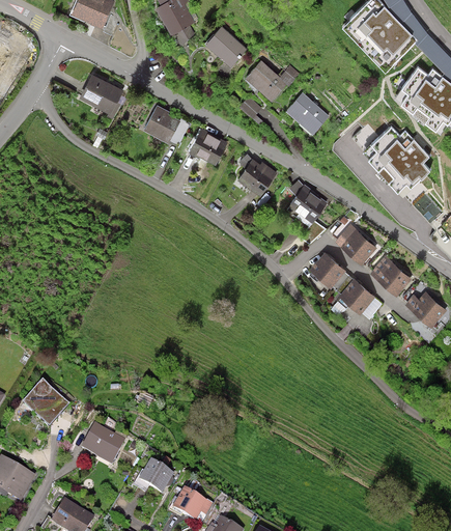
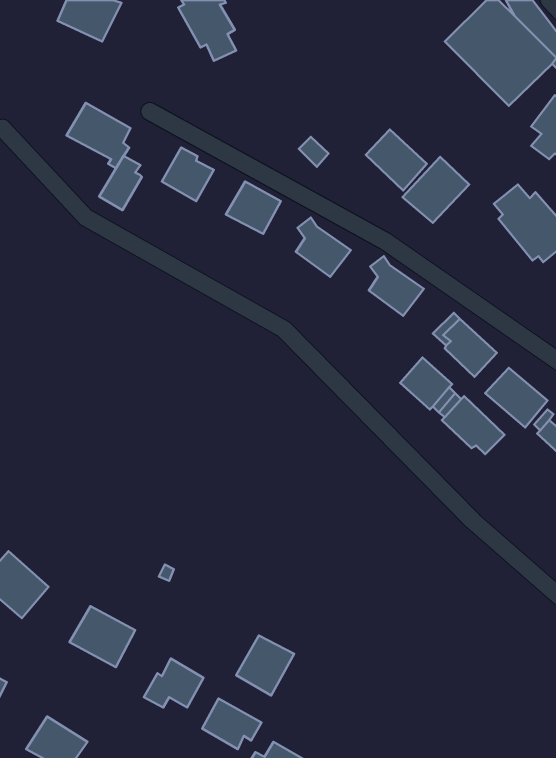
building: [205,24,247,66] -> none
building: [246,59,301,101] -> none
building: none -> [99,156,142,210]
building: none -> [403,157,469,223]
building: none -> [236,635,294,695]

